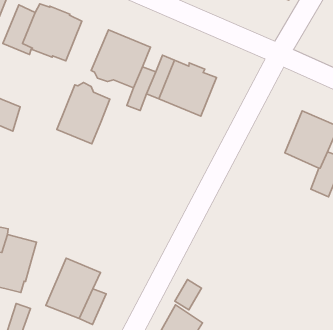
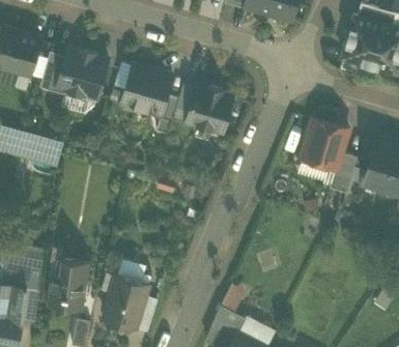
building: [57,83,110,144] -> none

